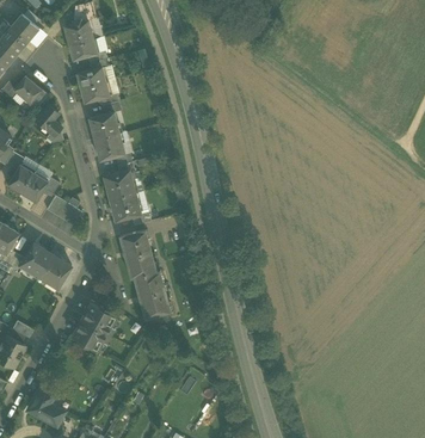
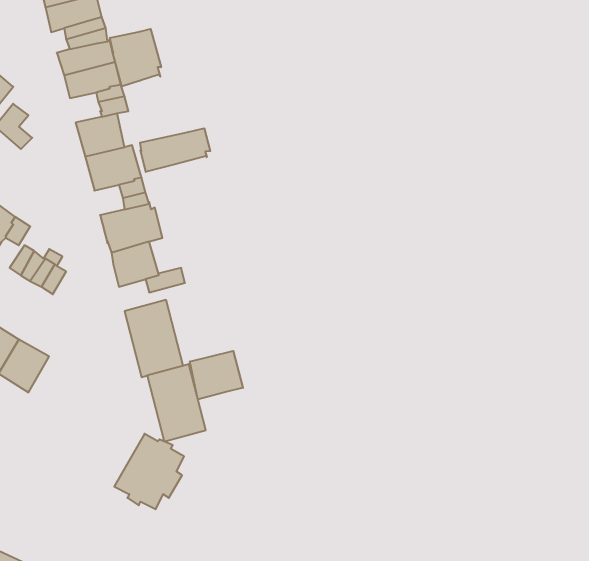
building: none -> [110,29,161,87]
building: none -> [140,128,210,172]
building: none -> [190,351,243,399]
building: [70,303,115,351] -> [114,434,184,509]

